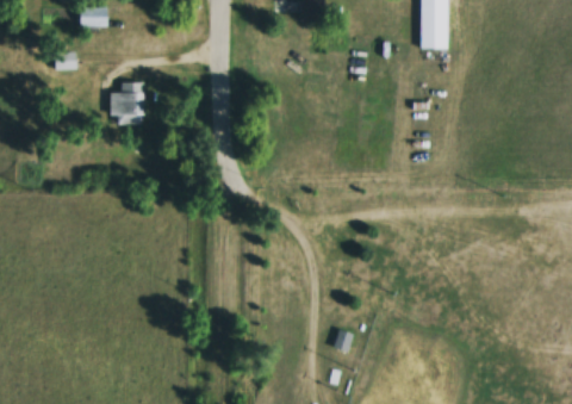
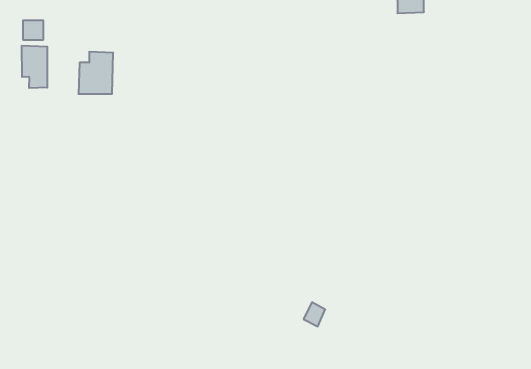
building: none -> [22,46,47,88]

